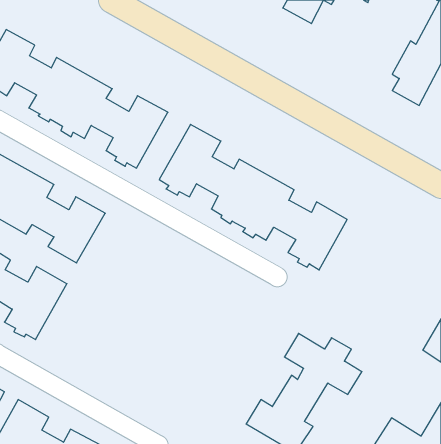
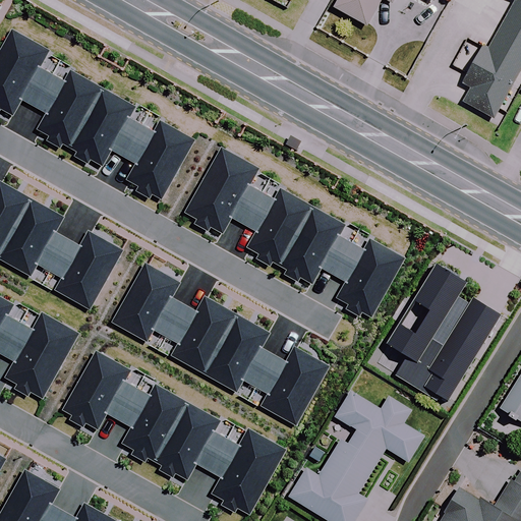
building: none -> [388,260,502,403]
building: none -> [111,263,329,423]
building: none -> [63,351,285,513]

